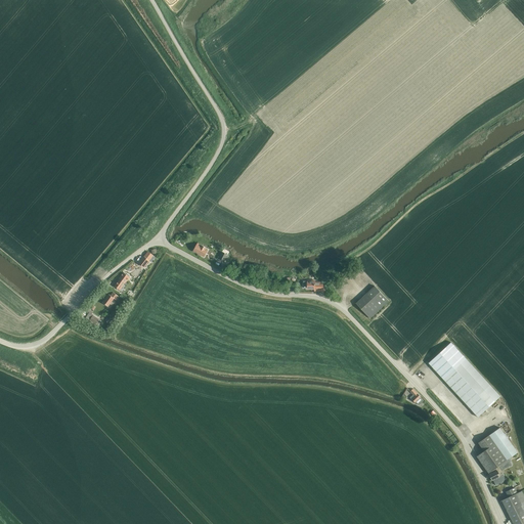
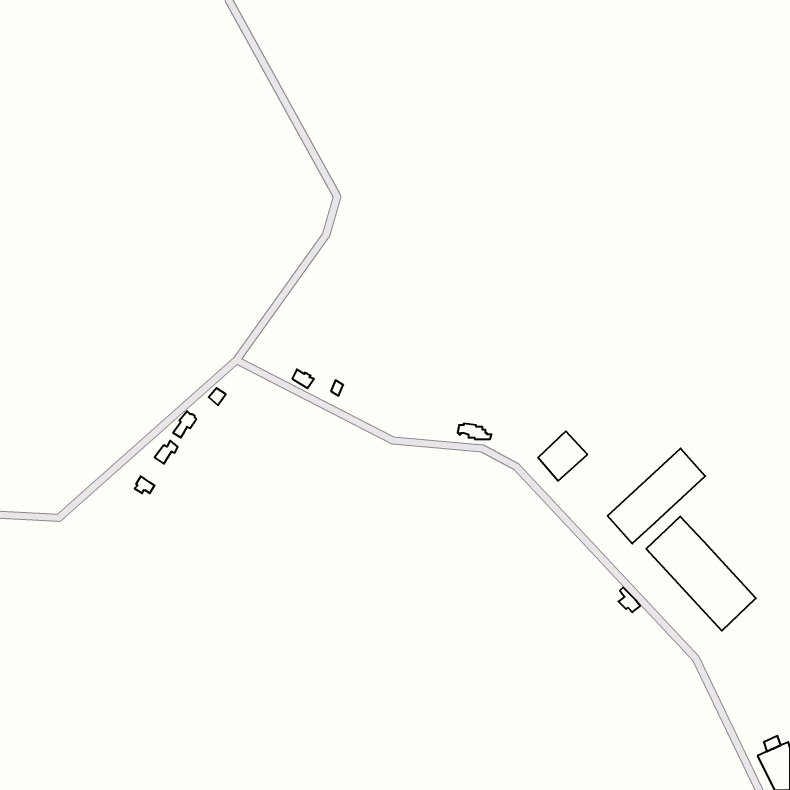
building: none -> [608,448,705,544]
building: [477,428,517,485] -> none

